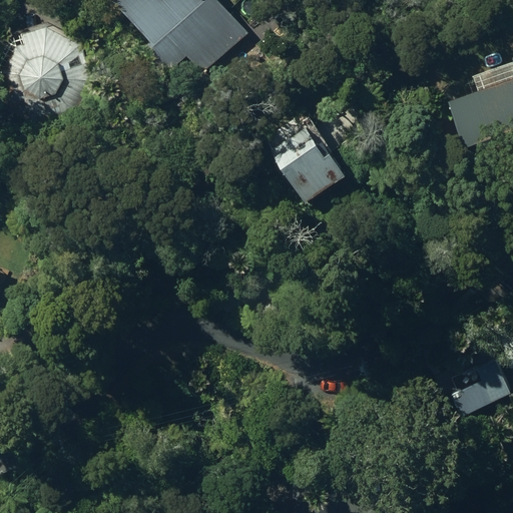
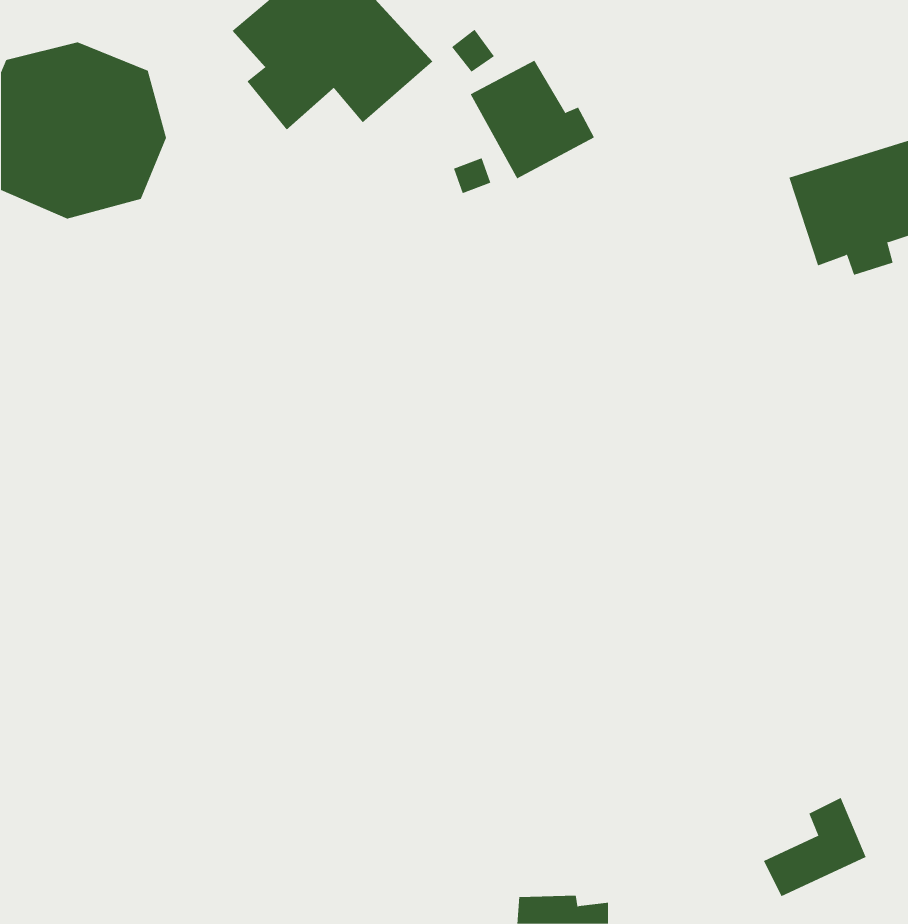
building: [269,126,338,192] -> [470,60,595,179]
building: [450,359,507,414] -> [763,797,866,897]

